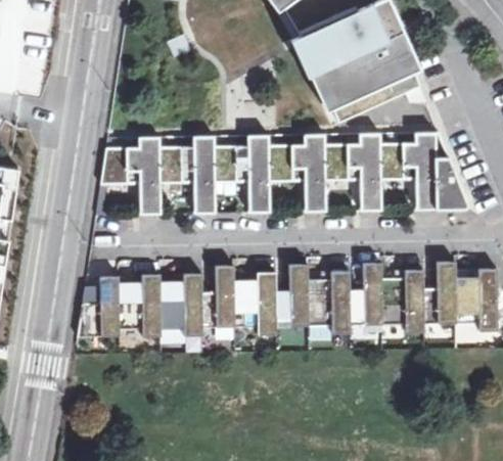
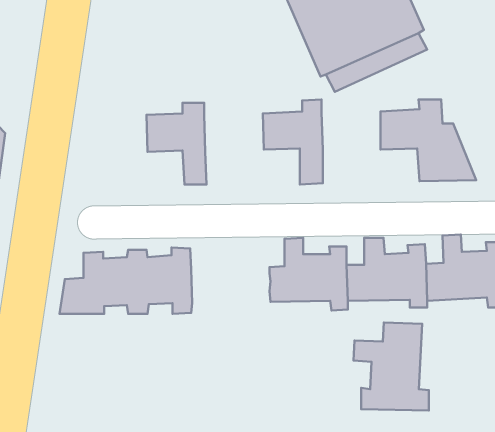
building: [324,132,380,213] -> none
building: [214,135,270,215] -> none
building: [100,136,162,216] -> none
building: [201,265,276,333] -> none
building: none -> [353,323,429,410]

